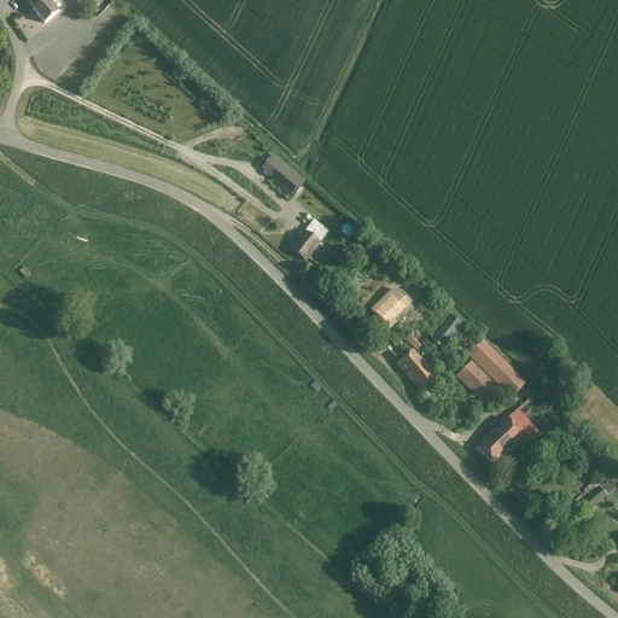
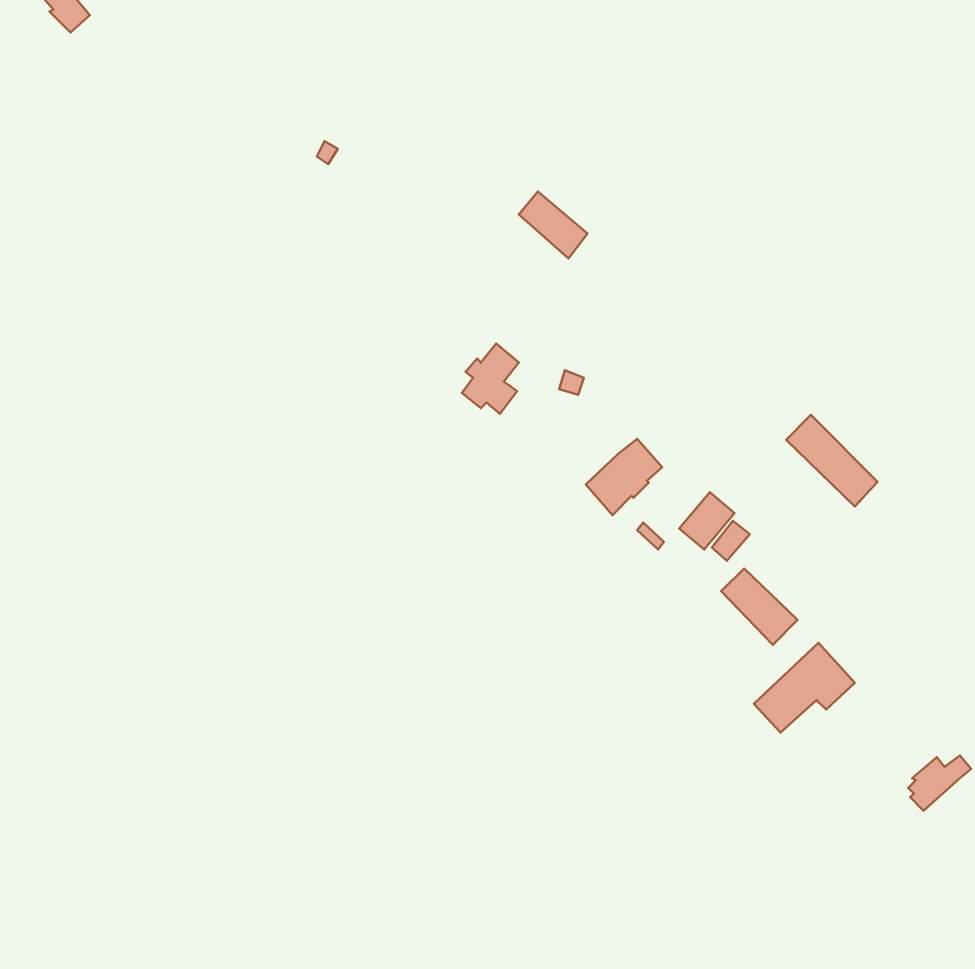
building: [262,152,305,194] -> [519,192,588,258]
building: [467,338,525,396] -> [786,415,878,507]
building: [397,348,437,390] -> none

